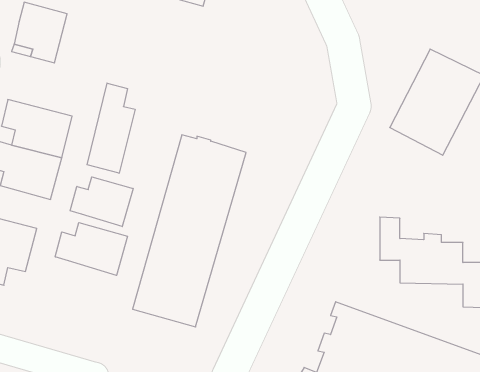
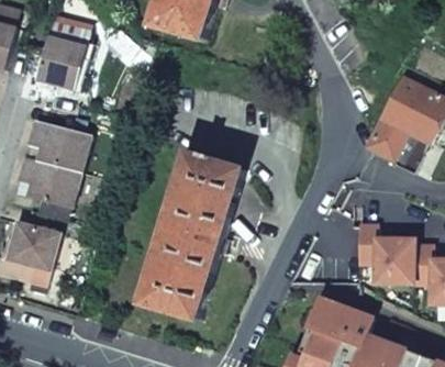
building: [87,83,135,173] -> none
building: [70,177,133,227] -> none
building: [55,223,128,275] -> none

